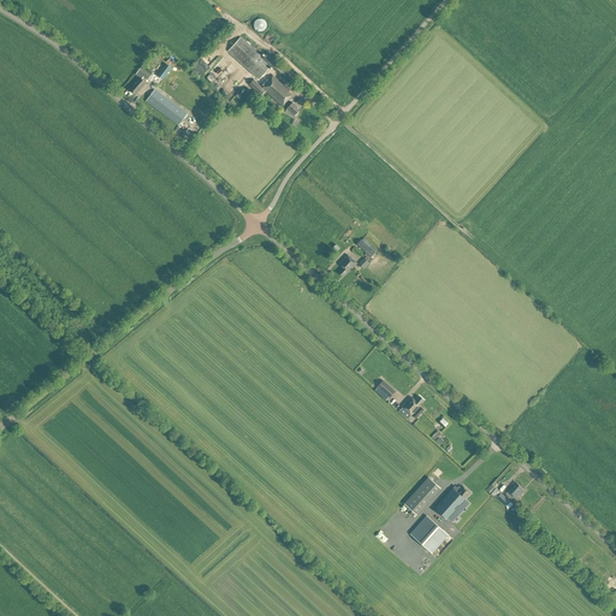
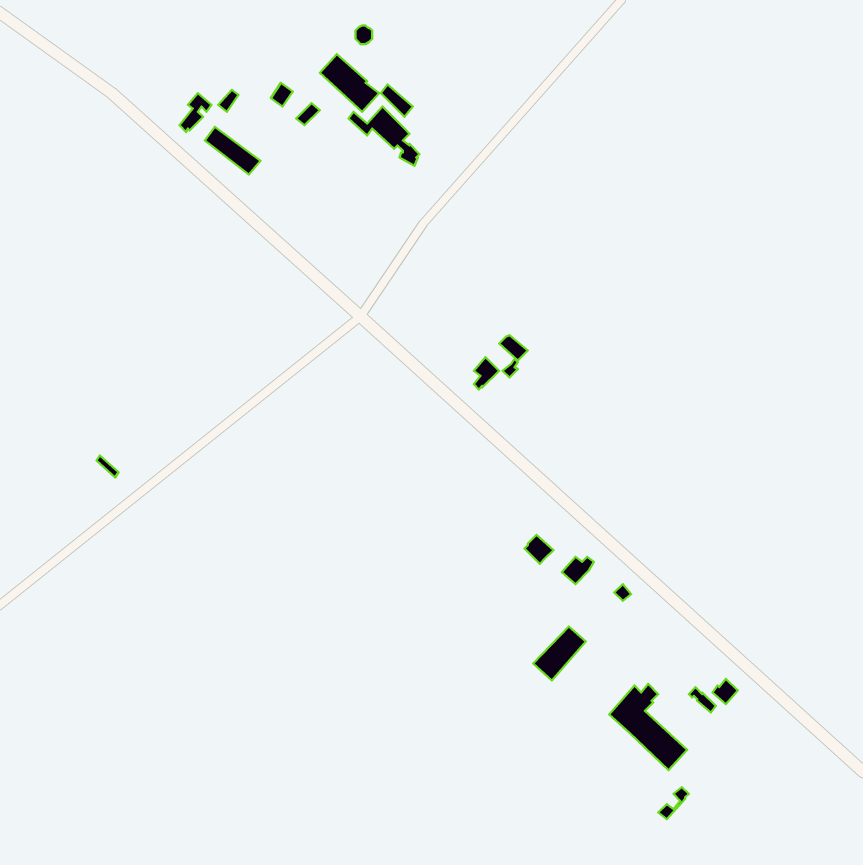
building: [402,478,439,516] -> [533,626,586,681]
building: [408,515,448,553] -> none

